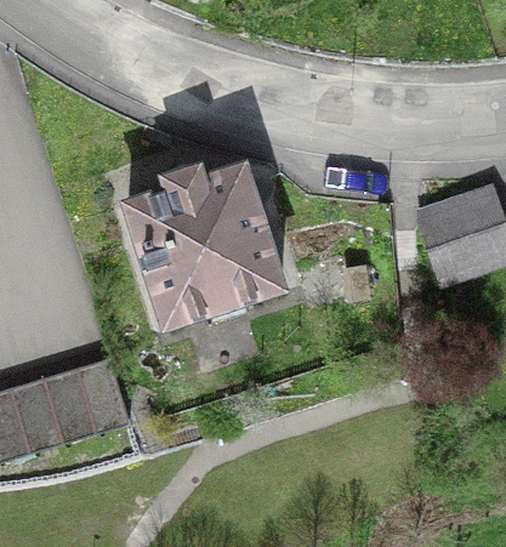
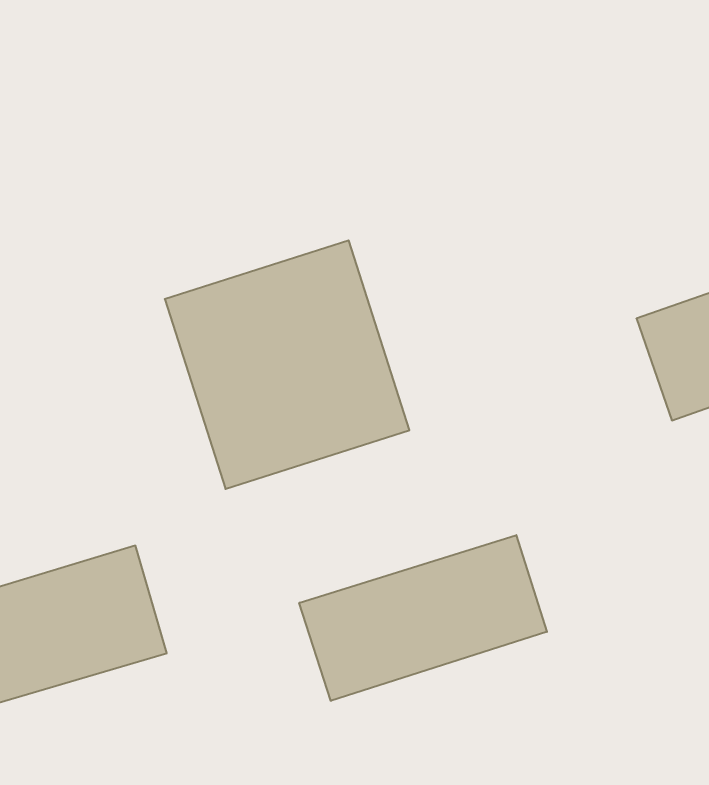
building: none -> [299,535,547,701]

